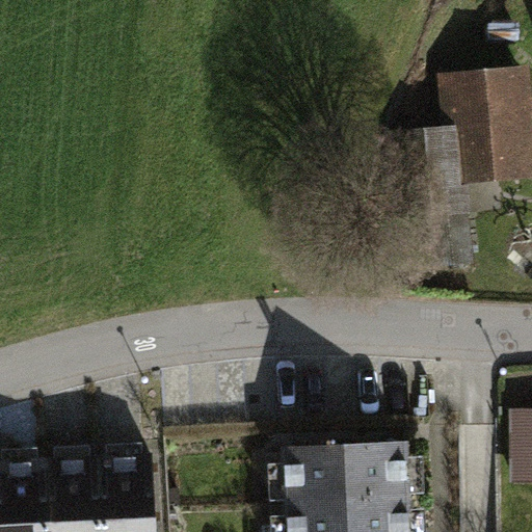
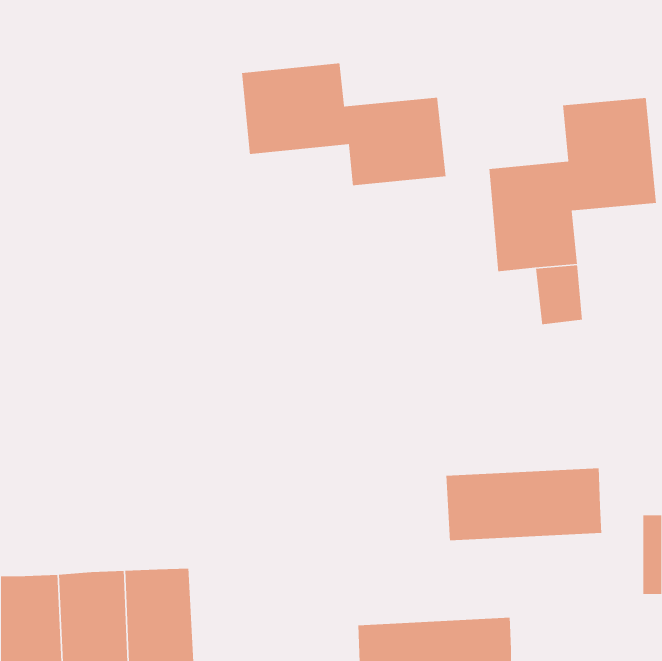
building: none -> [241,63,447,186]
building: [284,443,409,502] -> [445,467,602,541]

